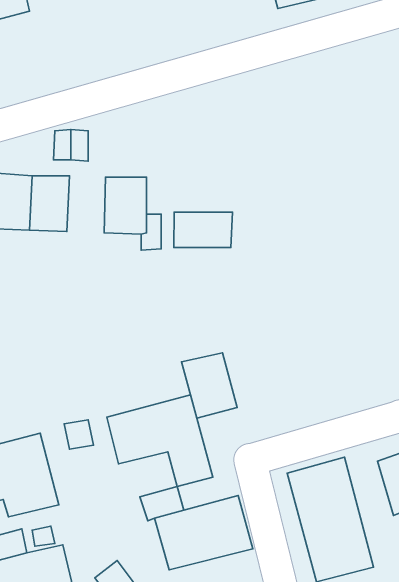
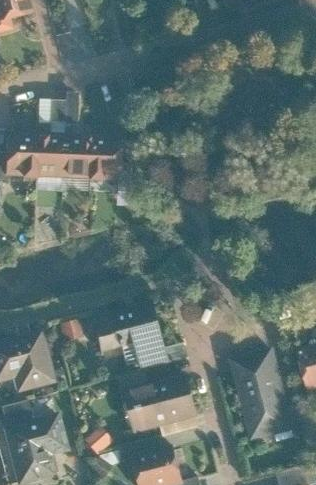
building: none -> [62,136,91,179]
building: [174,212,233,248] -> none
building: [182,353,237,418] -> none

